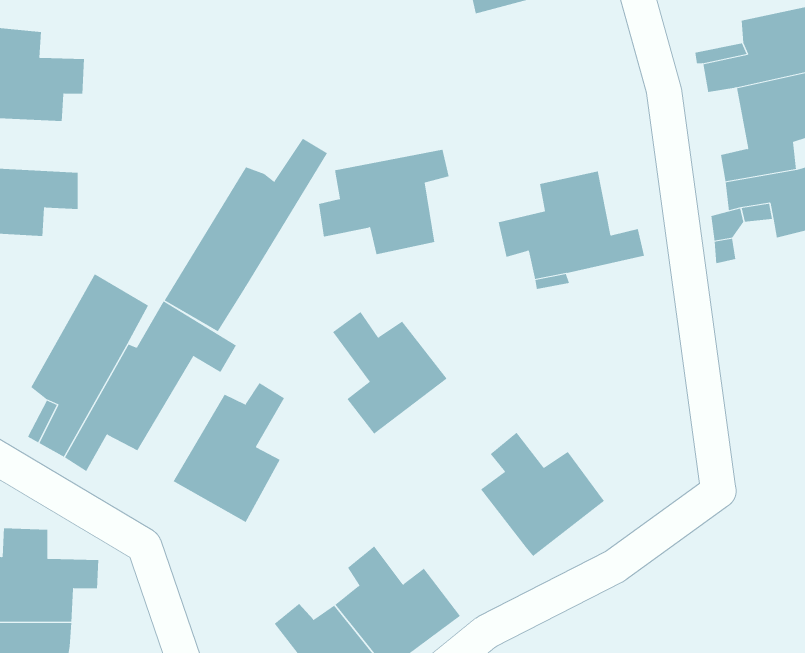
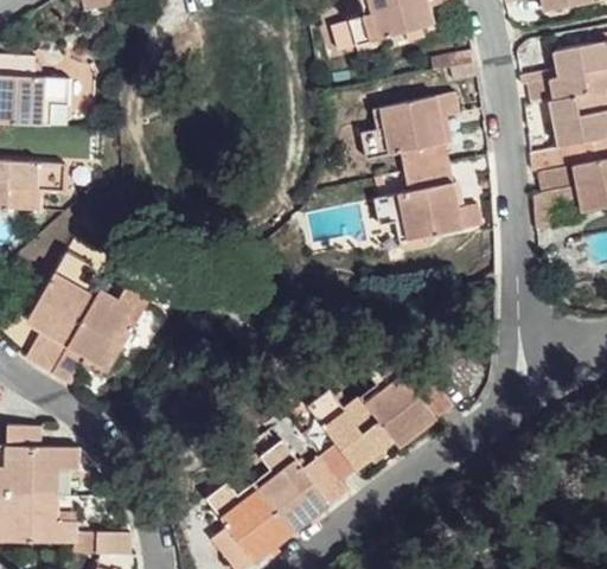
building: [164,138,328,332] -> none
building: [318,149,449,255] -> [363,92,460,171]
building: [332,311,447,435] -> [309,390,395,481]
building: [173,382,285,523] -> none

